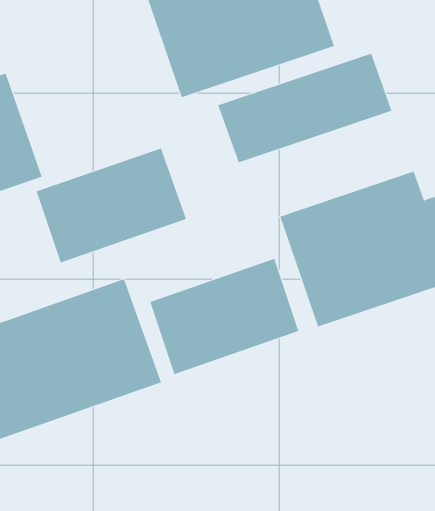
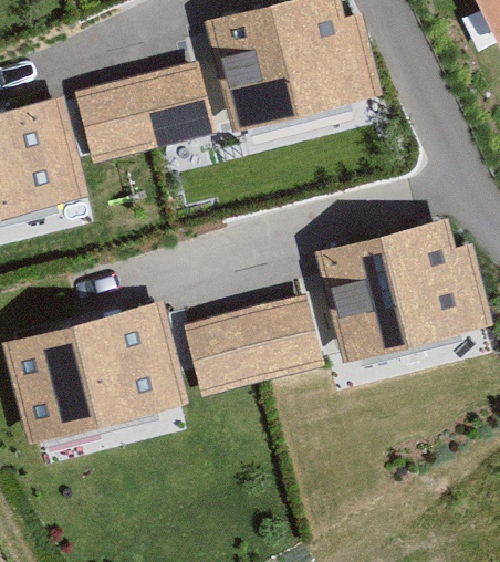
building: [217,53,392,163] -> none
building: [36,148,187,263] -> [74,62,217,165]

